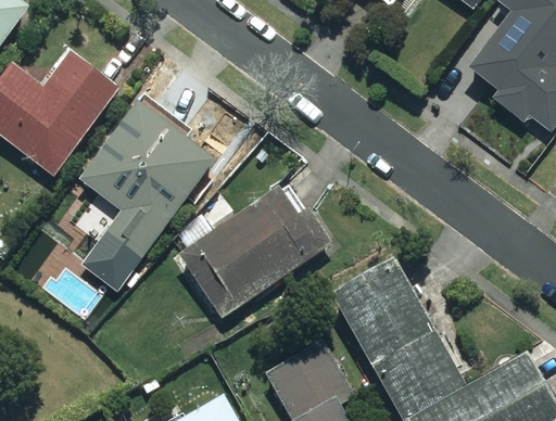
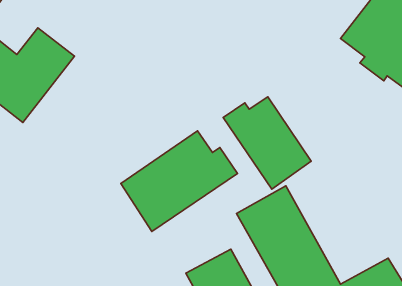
building: [79,93,216,276] -> none
building: none -> [223,97,311,189]

